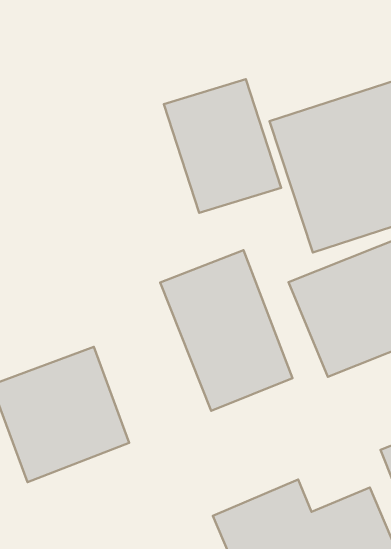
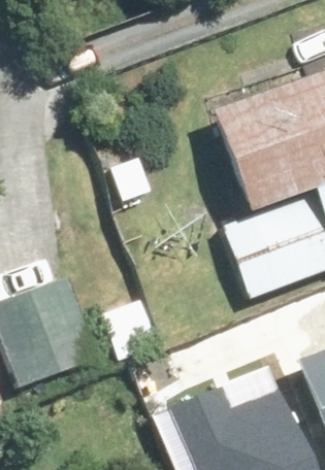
building: [164,79,281,213] -> none
building: [160,250,293,411] -> none

